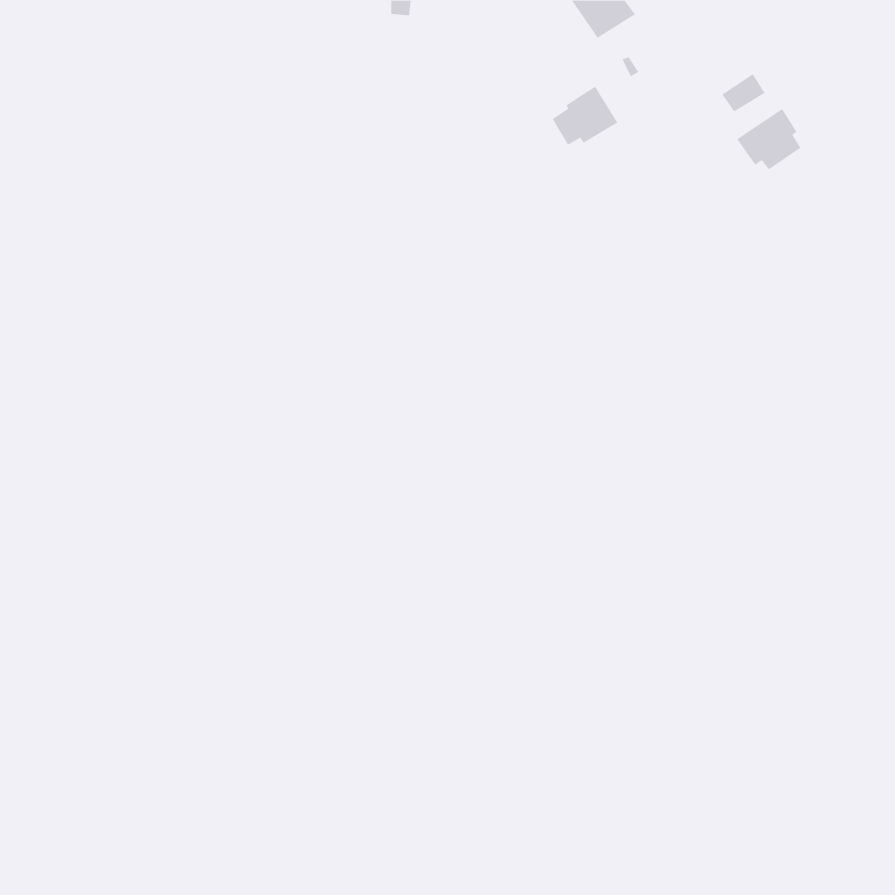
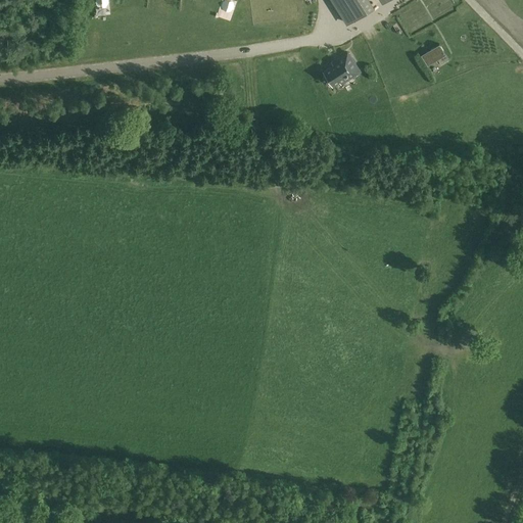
building: [736,108,801,170] -> none

